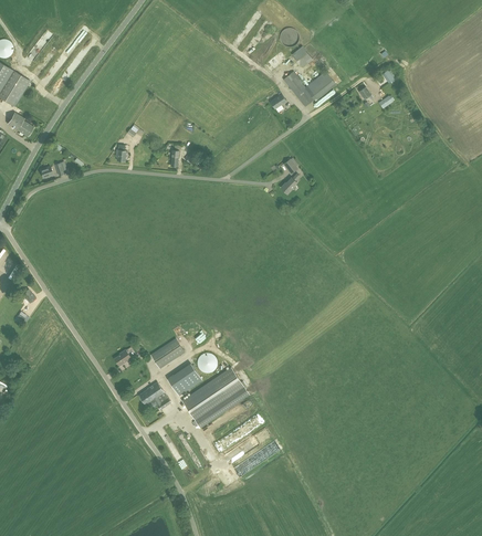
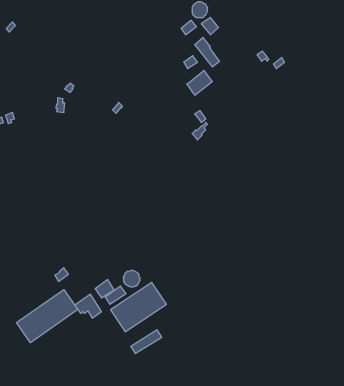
building: [304,71,335,101] -> [187,70,212,95]
building: [150,338,184,368] -> none
building: none -> [16,290,78,343]

